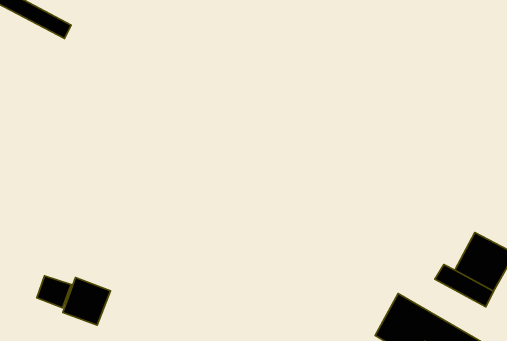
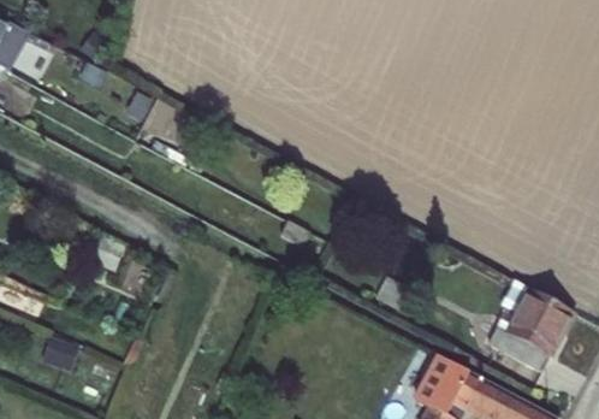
building: [63,277,110,325] -> none

